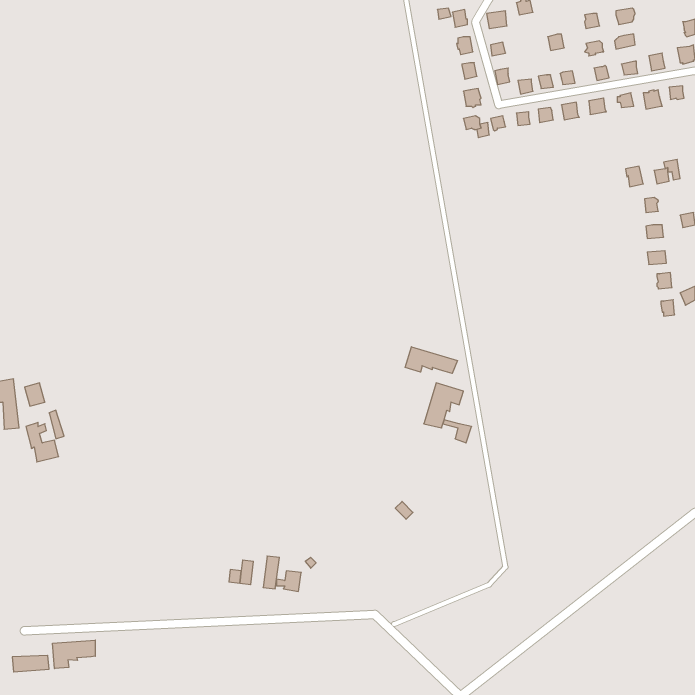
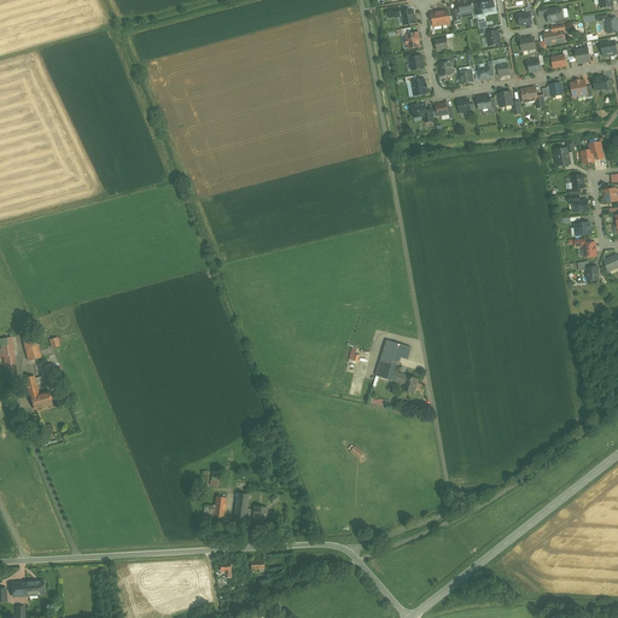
building: [405,347,458,373] -> none
building: [53,640,95,669] -> none

